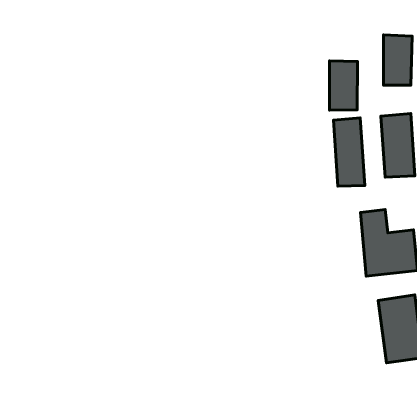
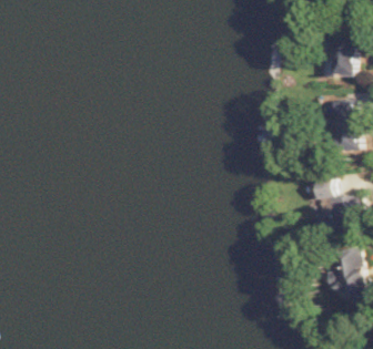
building: [329,61,357,110] -> none
building: [334,118,365,186] -> none

